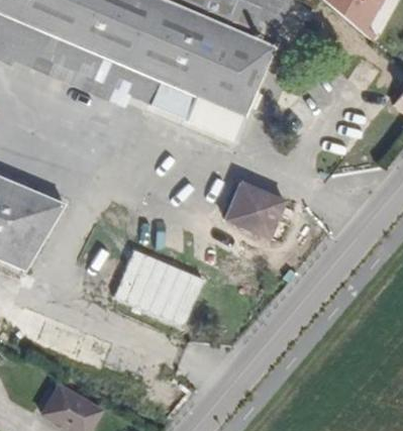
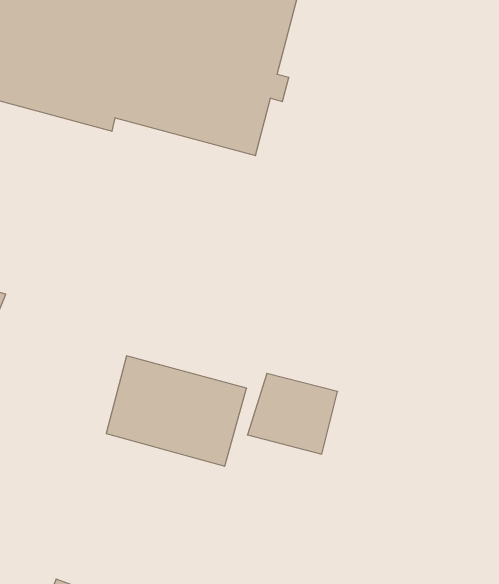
building: [223,183,283,237] -> [247,374,338,454]

